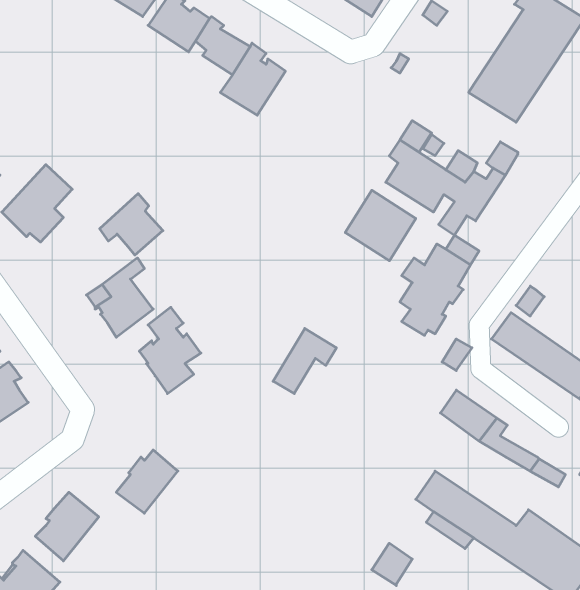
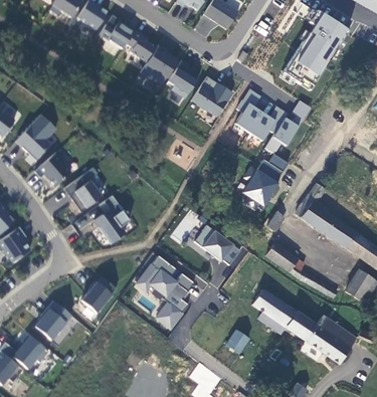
building: none -> [167,59,199,97]
building: [345,190,416,261] -> [191,76,231,117]
building: [100,194,163,255] -> [34,151,70,186]
building: none -> [195,225,240,264]
building: none -> [136,254,194,328]

